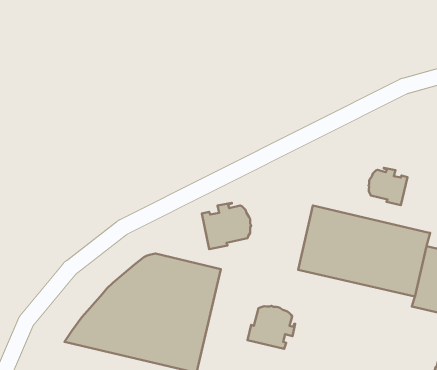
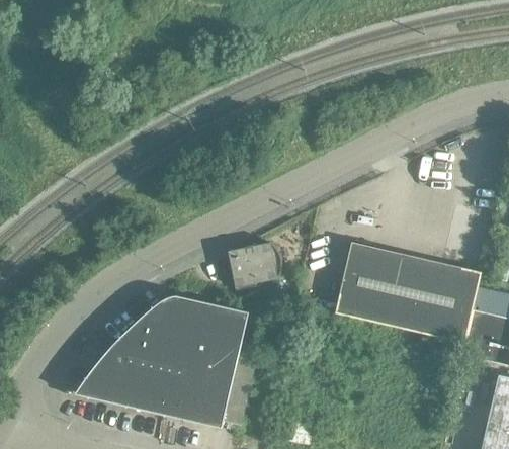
building: [368,168,407,205] -> none
building: [248,306,295,349] -> none

